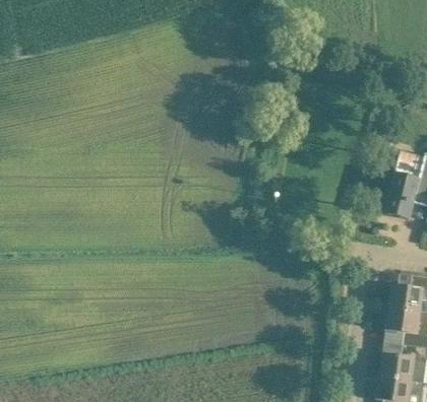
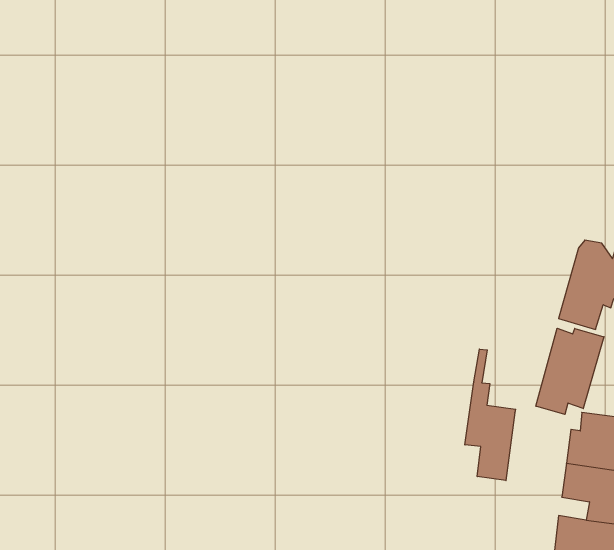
building: none -> [536,328,604,414]
building: none -> [465,349,516,481]

